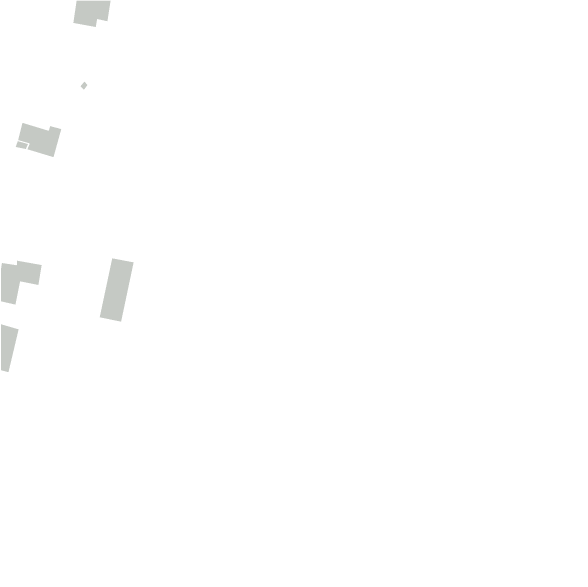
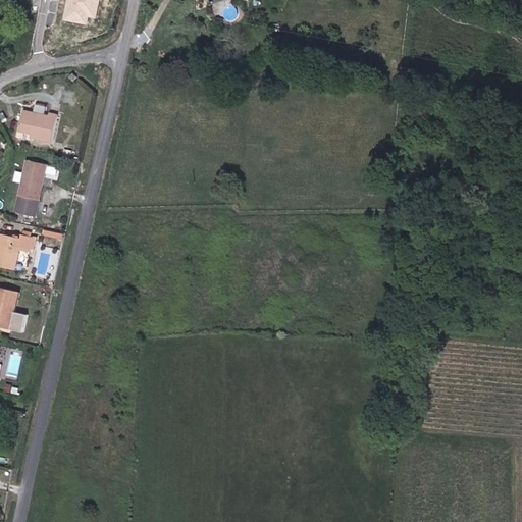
building: [99,258,134,322] -> [13,160,45,217]

